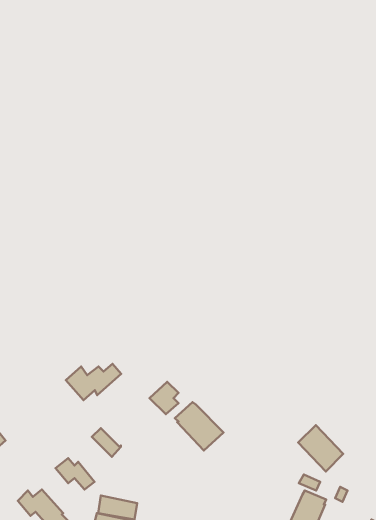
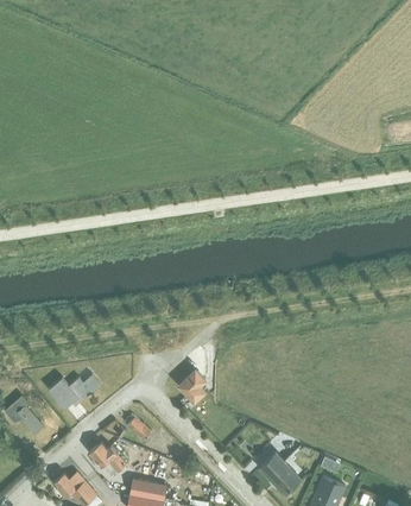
building: [66,364,121,400] -> [48,374,100,409]
building: [175,402,223,451] -> none
building: [298,425,343,471] -> [259,451,302,495]

